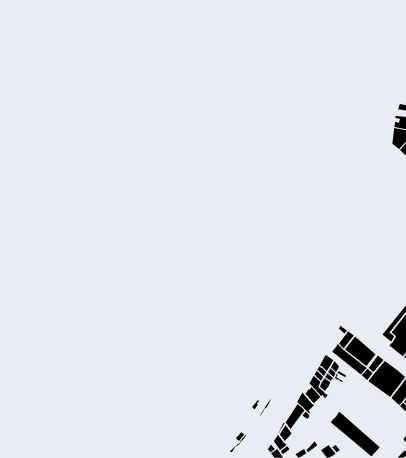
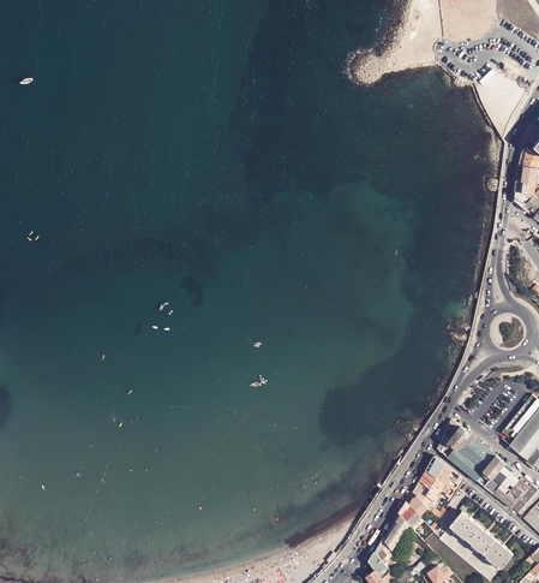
building: none -> [451,511,514,569]

